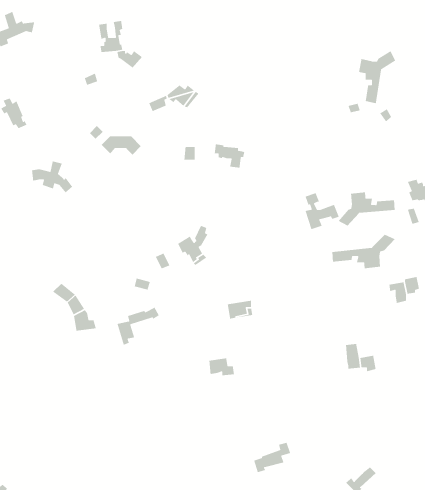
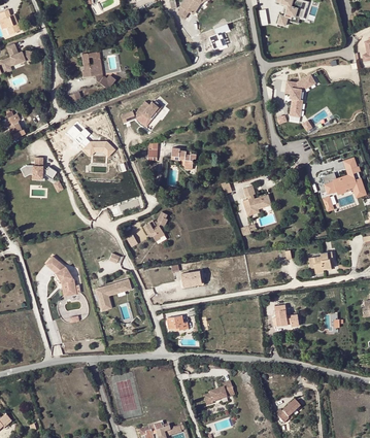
building: [337,192,396,227] -> none
building: [332,234,396,269] -> none

